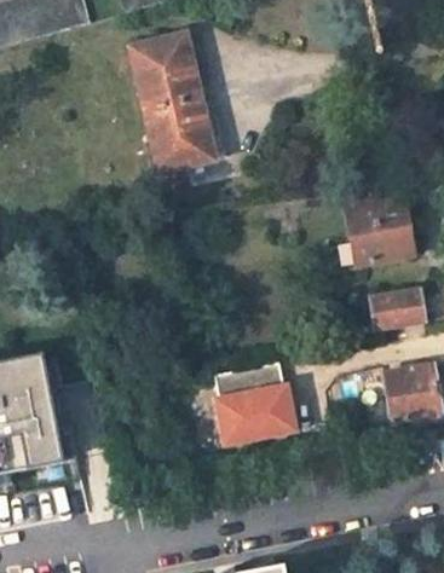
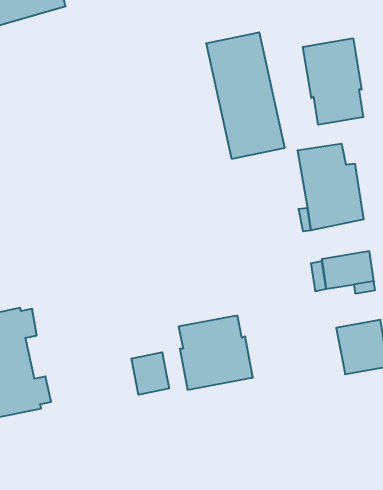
building: [129,33,215,170] -> [206,32,285,159]
building: none -> [303,38,363,125]
building: none -> [132,352,169,395]

